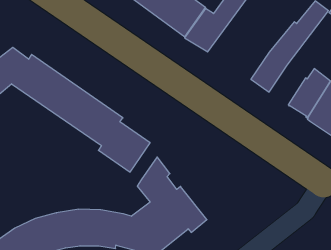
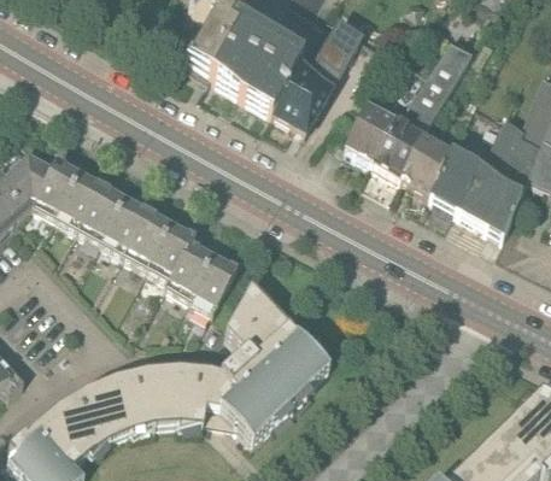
building: none -> [345,66,424,160]
building: none -> [399,135,449,192]

